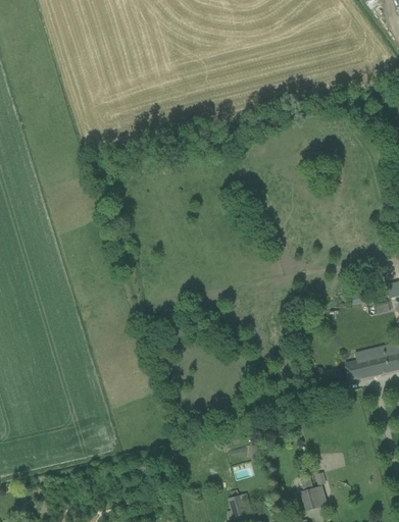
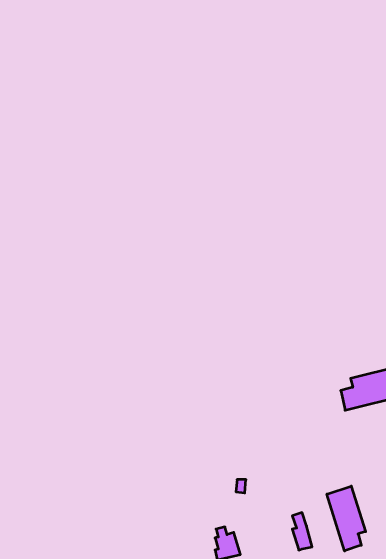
building: none -> [327,486,366,551]

